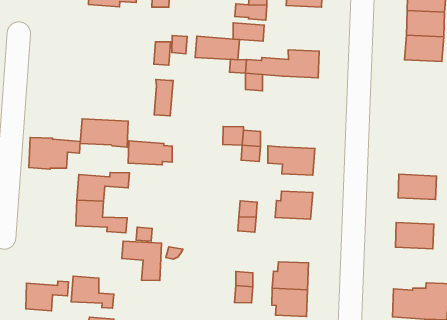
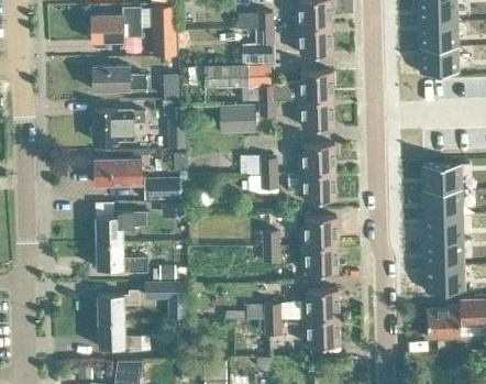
building: none -> [295,26,332,55]
building: none -> [92,66,146,91]
building: none -> [297,99,333,128]
building: none -> [220,105,257,134]
building: none -> [298,144,335,173]
building: [29,138,80,169] -> [93,110,145,142]
building: none -> [422,164,462,191]
building: none -> [424,215,463,241]
building: none -> [300,244,338,273]
building: none -> [426,265,465,293]
building: [26,281,69,311] -> [97,290,140,321]

